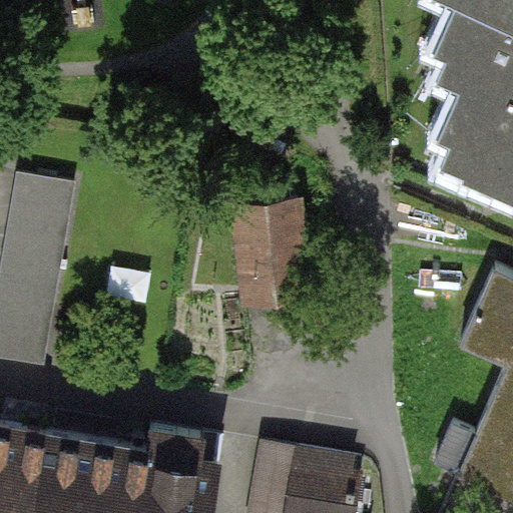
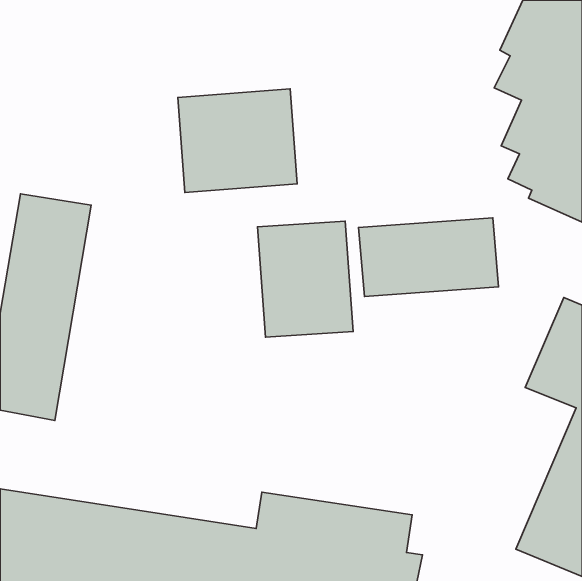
building: none -> [178,89,297,192]
building: none -> [359,218,498,297]

